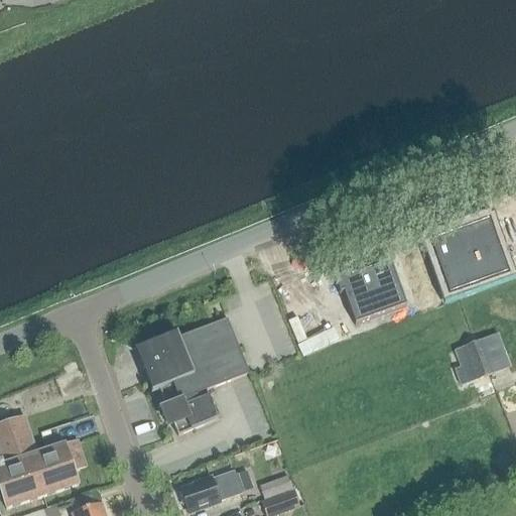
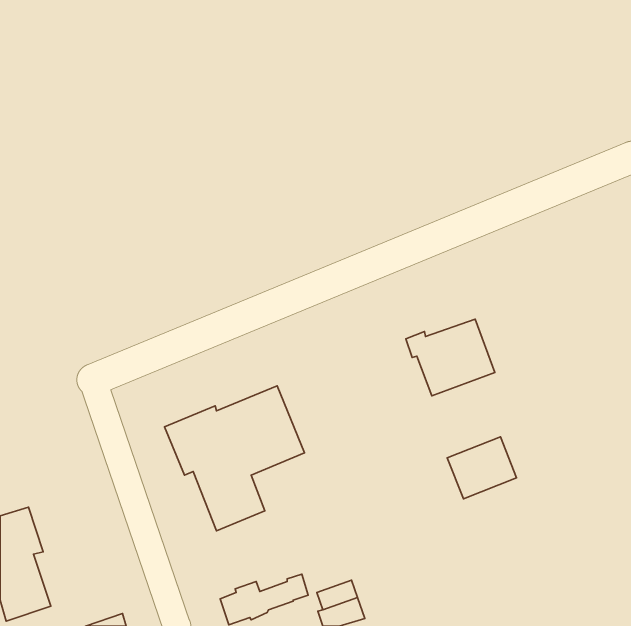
building: [428,220,504,292] -> none
building: [454,331,510,381] -> [447,437,517,499]
building: [28,438,86,494] -> none

